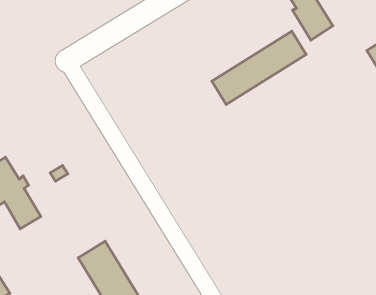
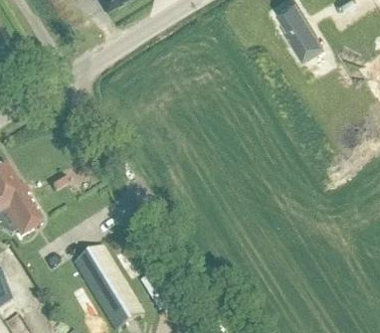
building: [212,31,306,104] -> none

